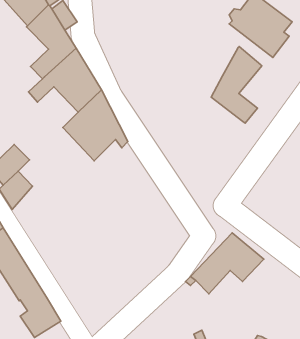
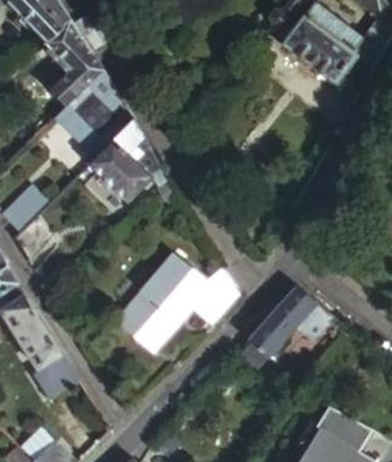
building: [211,46,262,123] -> none
building: none -> [60,117,108,165]
building: none -> [117,251,240,352]

